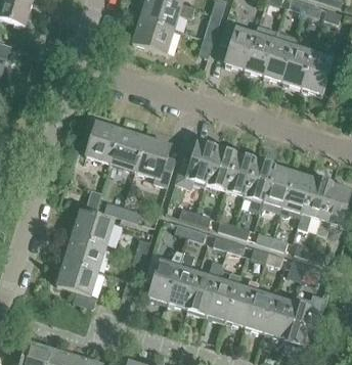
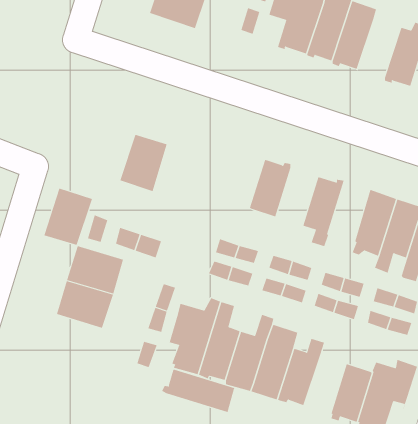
building: [283,45,315,88] -> none
building: [86,121,122,163] -> [44,188,93,245]
building: [135,136,176,185] -> none
building: [176,142,217,188] -> none
building: [224,153,256,195] -> none
building: [262,166,293,207] -> none
building: [56,260,98,307] -> none
building: [245,289,275,332] -> none
building: none -> [162,369,235,413]

